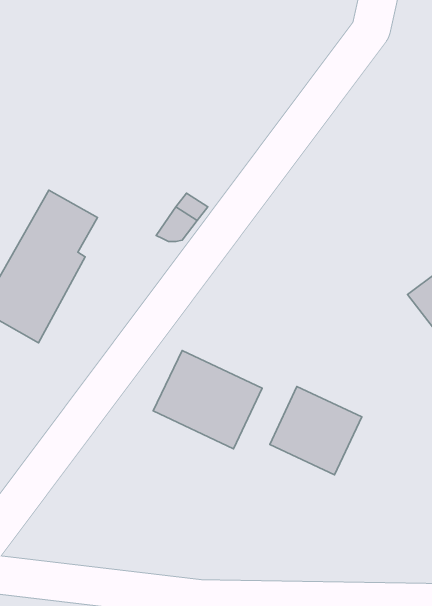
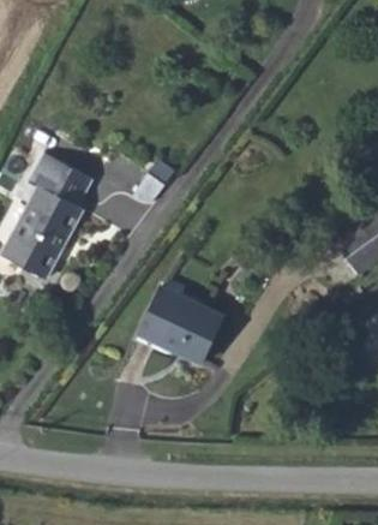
building: [270,386,362,475] -> none

